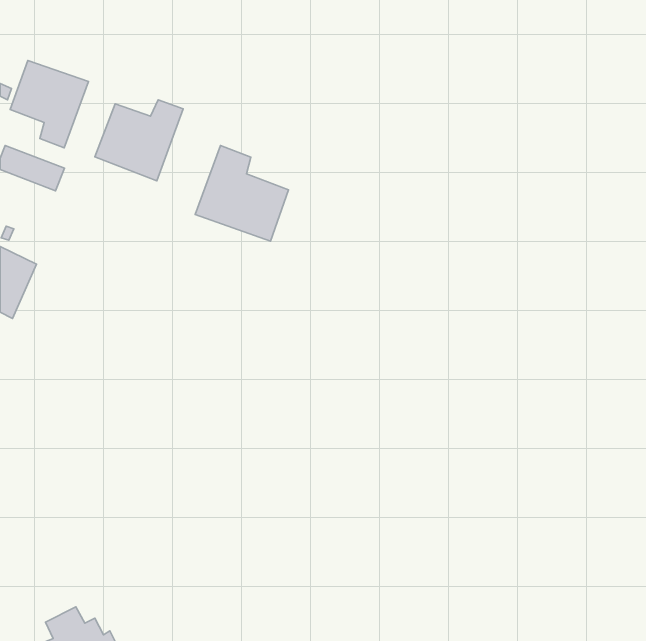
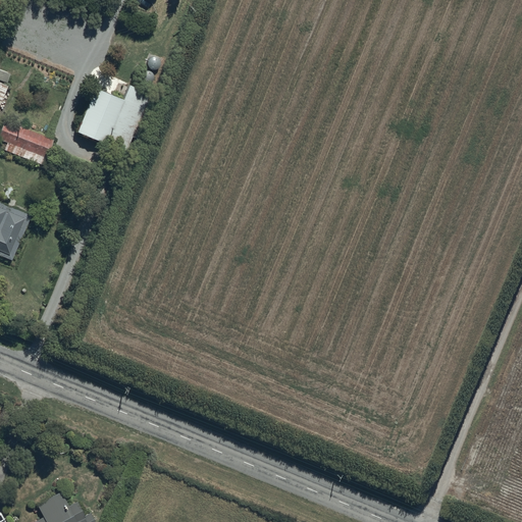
building: [10,60,88,148] -> none
building: [195,146,289,241] -> none

